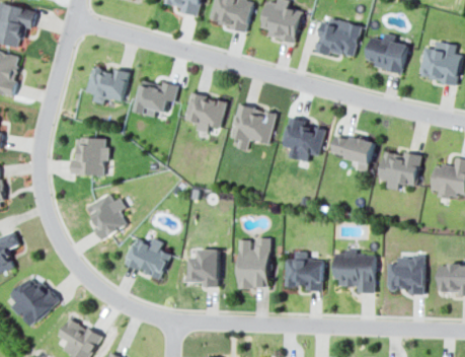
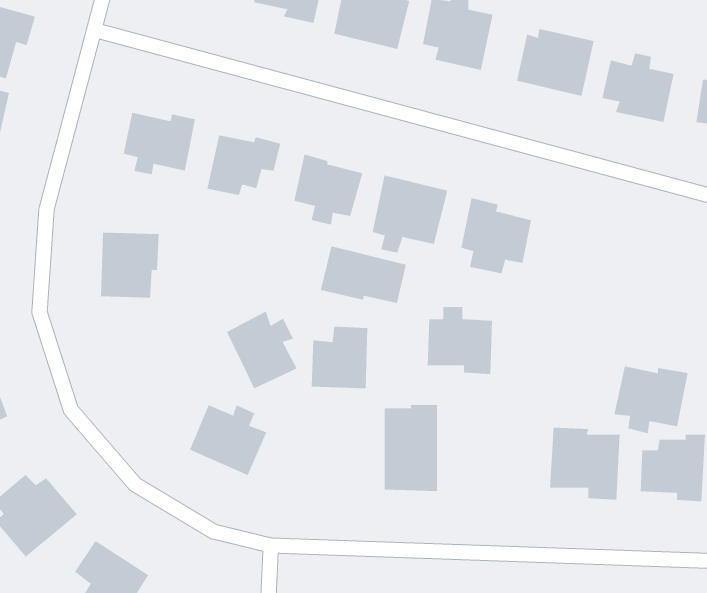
building: [330,134,374,172] -> none
building: none -> [320,246,407,304]
building: [378,152,421,192] -> [614,366,688,434]
building: [86,194,128,239] -> [226,311,297,389]
building: [185,249,219,286] -> [311,326,368,389]
building: [285,253,323,292] -> [427,307,493,375]

